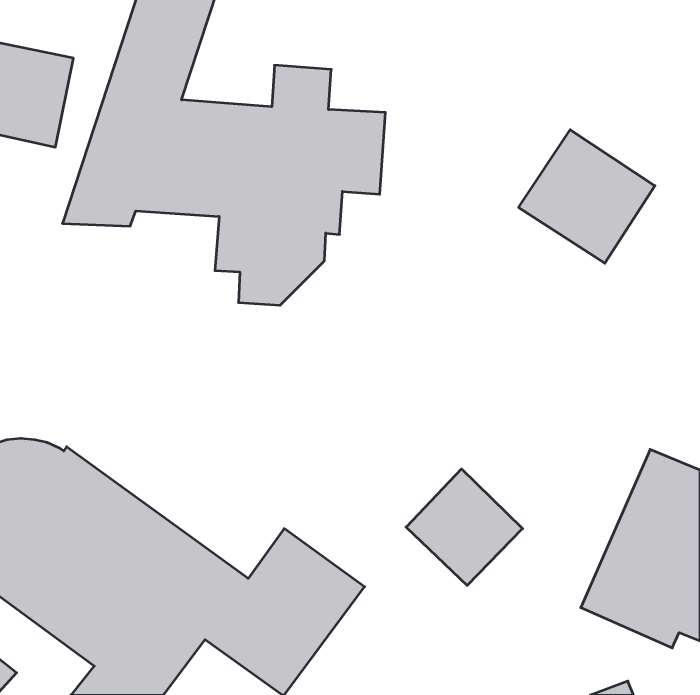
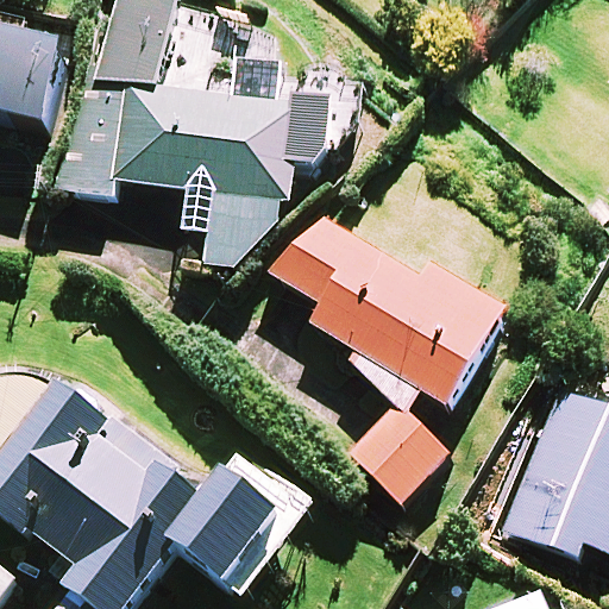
building: [519,130,655,263] -> none
building: none -> [266,218,508,409]

